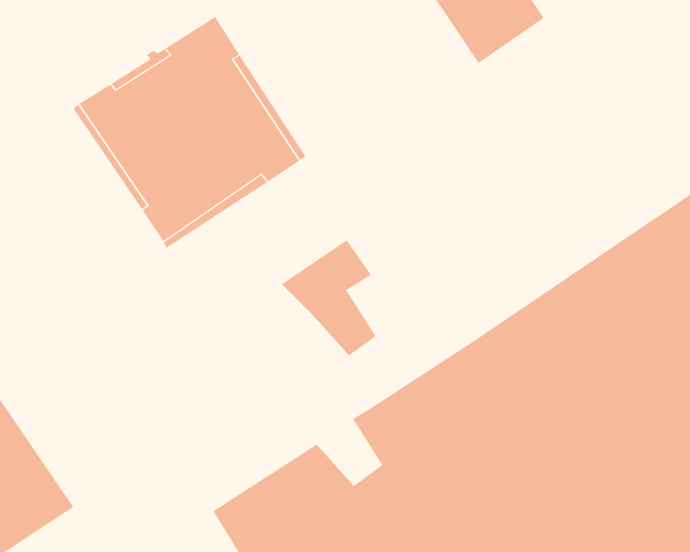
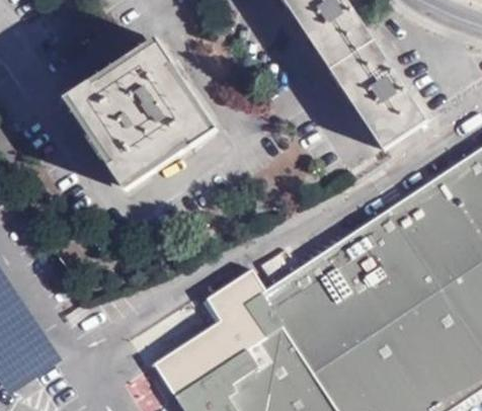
building: none -> [329,39,426,150]
building: [281,239,376,356] -> [203,270,265,347]

